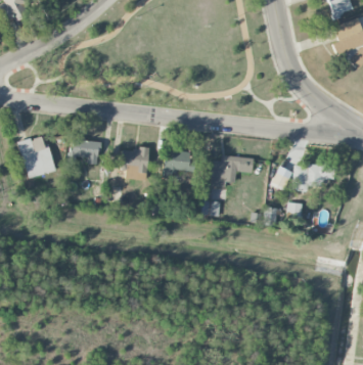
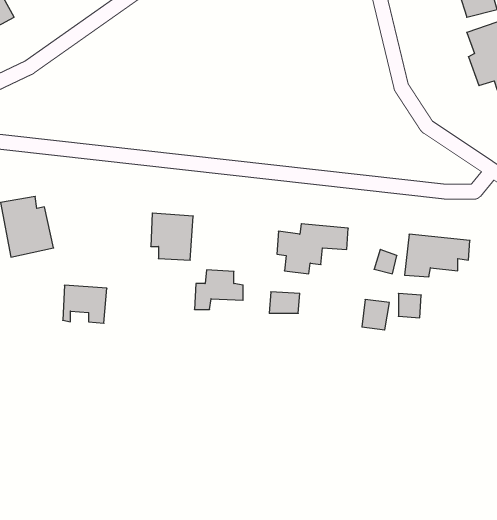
building: [71,139,100,165] -> [63,285,107,323]
building: [163,151,195,178] -> [194,270,243,309]

